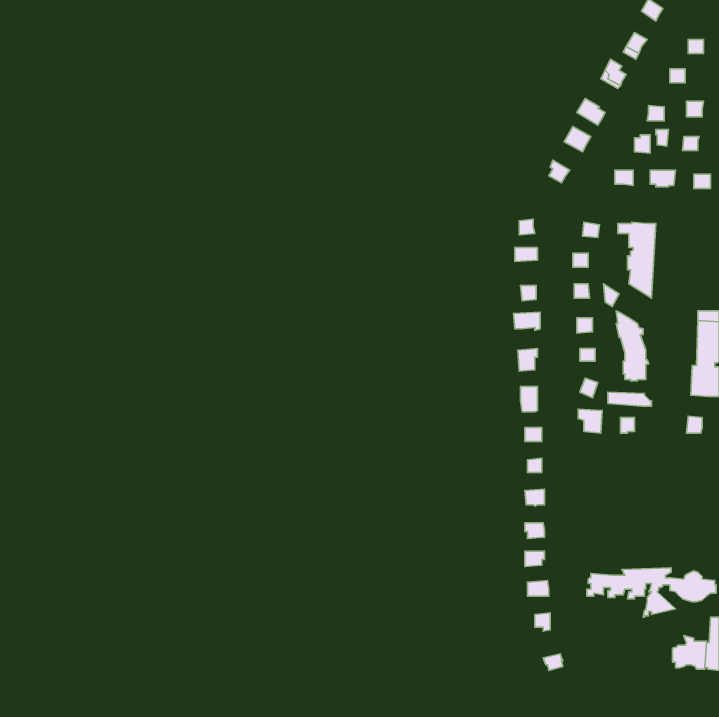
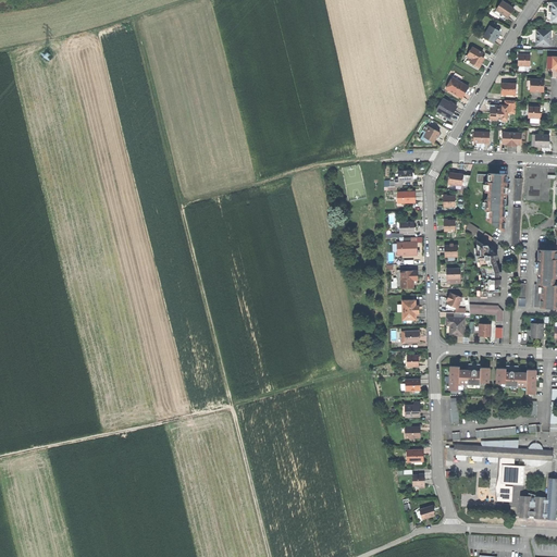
building: none -> [449,363,491,389]
building: none -> [496,364,537,393]

